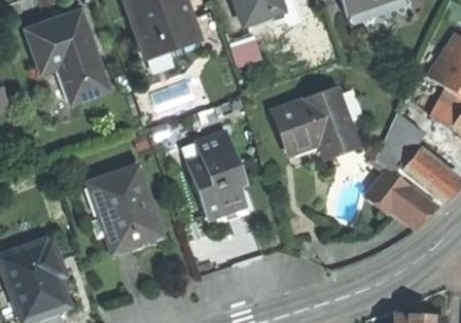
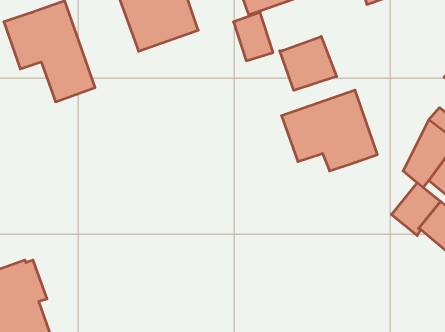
building: none -> [280,36,337,90]
building: [187,132,246,220] -> none
building: [88,166,156,253] -> none

